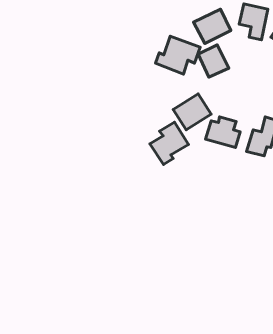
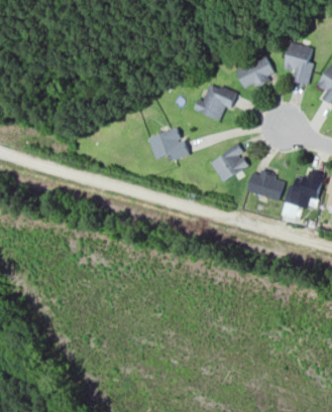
building: [198,45,229,77] -> none
building: none -> [147,125,188,161]
building: [150,122,188,164] -> none

